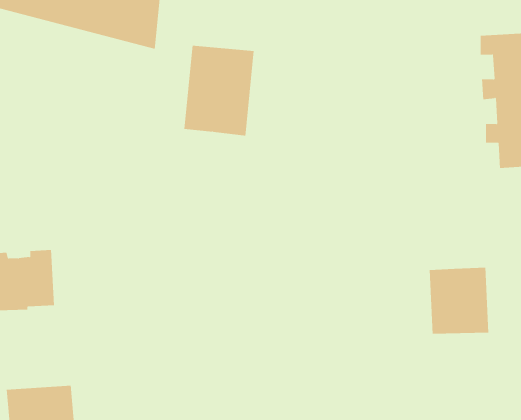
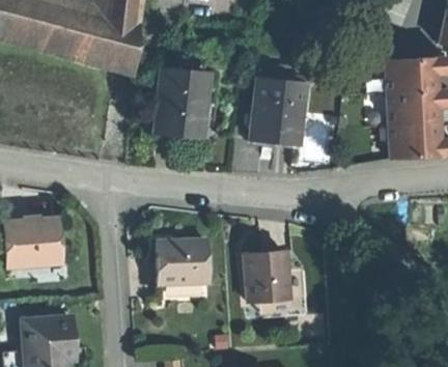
building: none -> [251,75,303,142]
building: [429,267,489,334] -> [247,252,291,302]
building: none -> [158,246,209,289]

